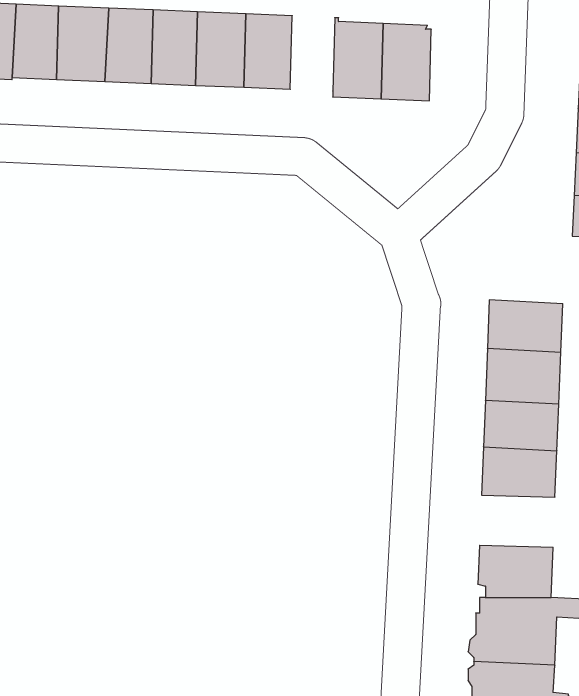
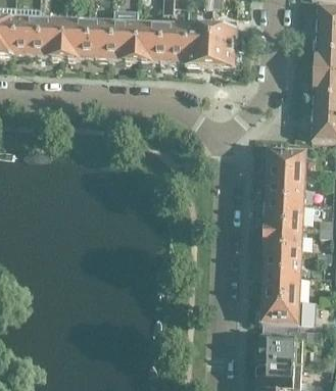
building: none -> [162,22,186,62]
building: none -> [268,150,307,175]
building: none -> [262,276,302,303]

